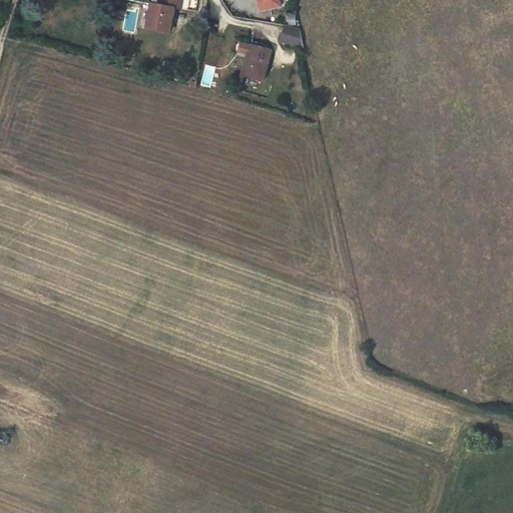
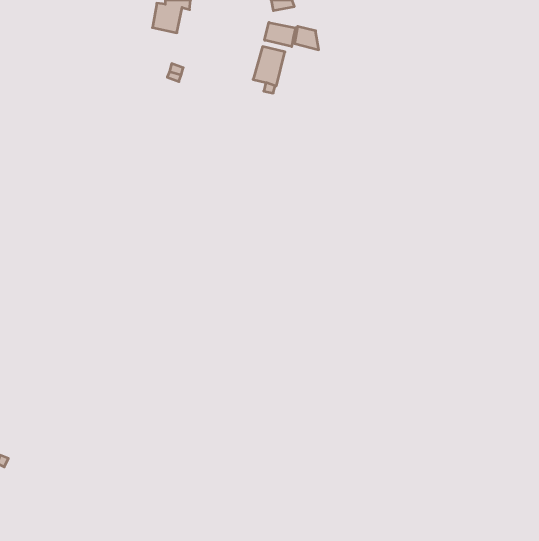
building: none -> [265,22,296,47]

